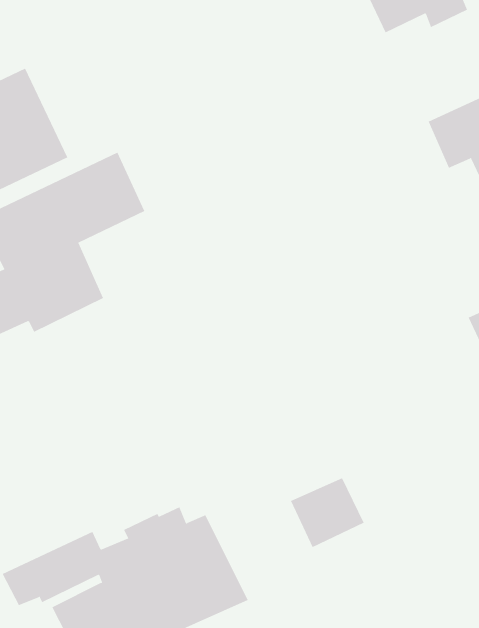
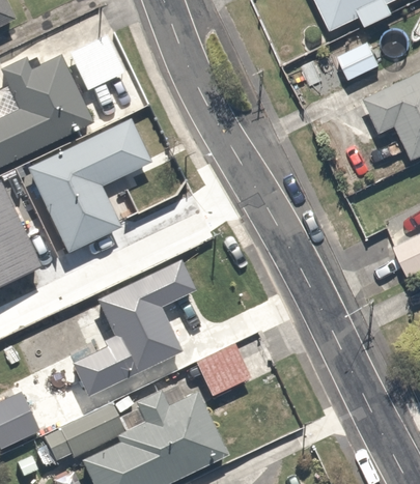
building: none -> [72,260,196,398]
building: [290,477,365,548] -> [195,344,251,397]

